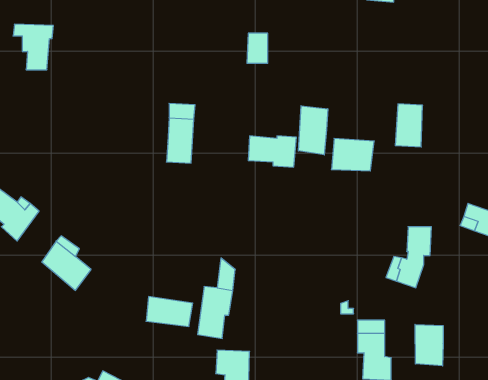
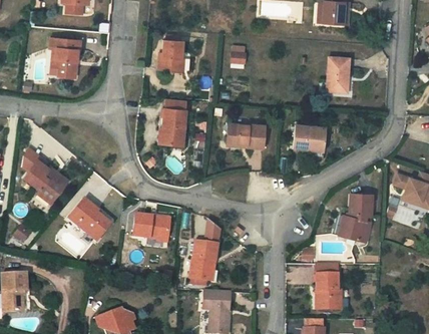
building: none -> [162,41,185,74]
building: [395,104,423,147] -> [326,56,347,89]
building: [298,106,328,155] -> none
building: [146,297,193,326] -> [132,220,168,243]
building: [415,324,443,366] -> none

